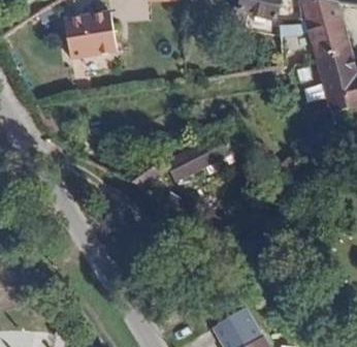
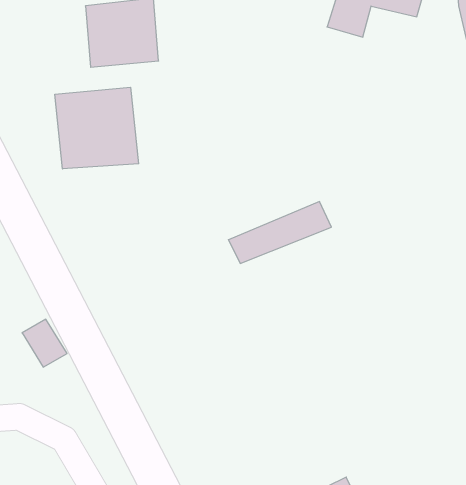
building: none -> [55,87,139,169]

